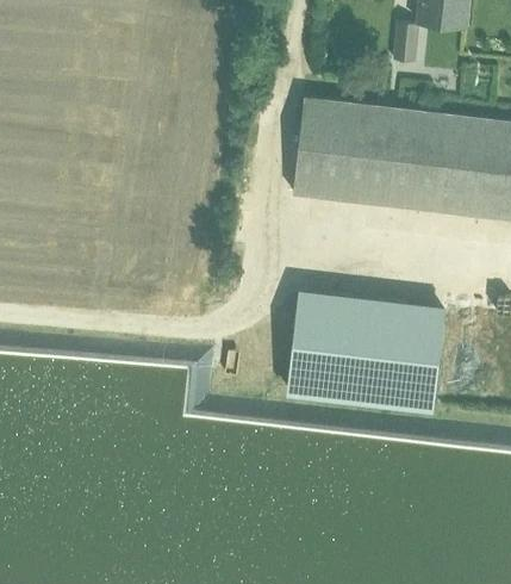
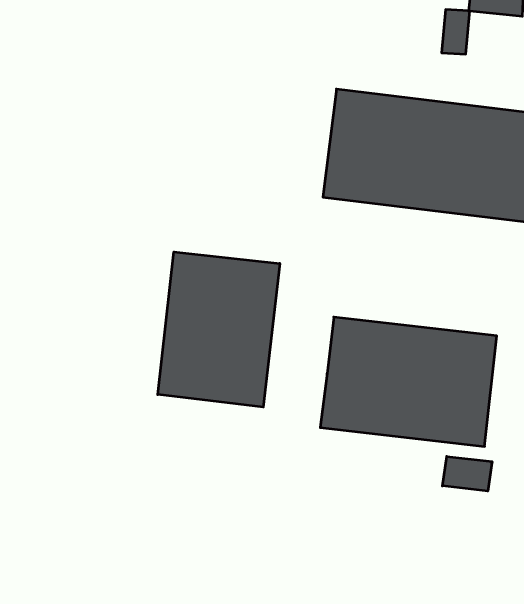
building: none -> [158,252,280,407]
building: none -> [442,456,492,491]

